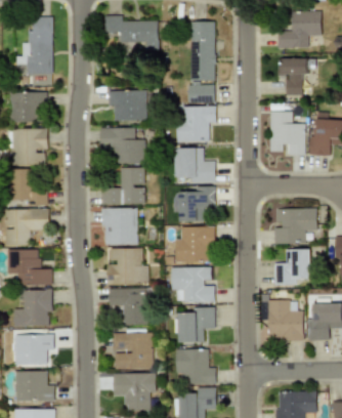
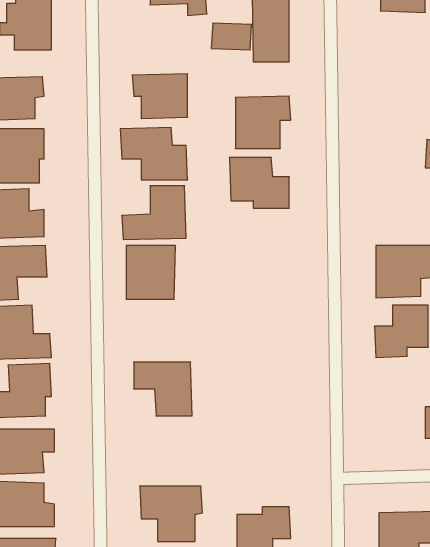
building: [276,57,307,95] -> none
building: [187,84,215,102] -> [211,23,252,50]
building: [269,111,305,155] -> none
building: [179,186,215,222] -> none
building: [175,225,215,261] -> none
building: [106,248,147,285] -> none
building: [171,266,215,302] -> none
building: [268,300,303,340] -> none
building: [175,309,215,342] -> none
building: [113,333,153,369] -> none
building: [176,348,216,384] -> none

